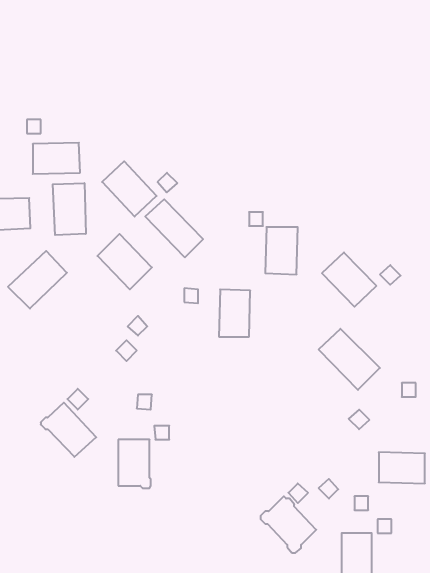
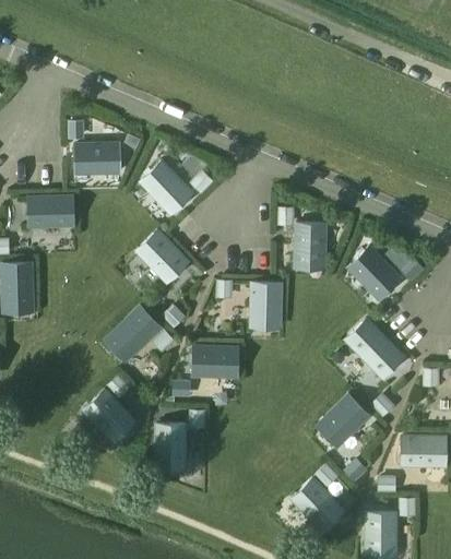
building: [53,183,86,235] -> none
building: [145,199,203,257] -> none
building: [8,251,67,309] -> [105,307,161,361]
building: none -> [192,347,238,377]
building: none -> [317,395,369,447]

